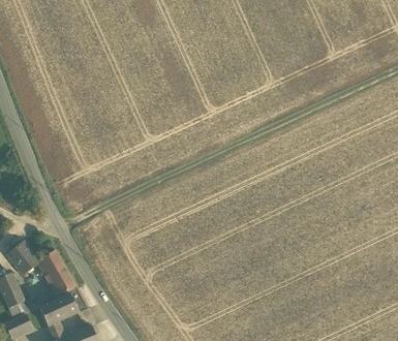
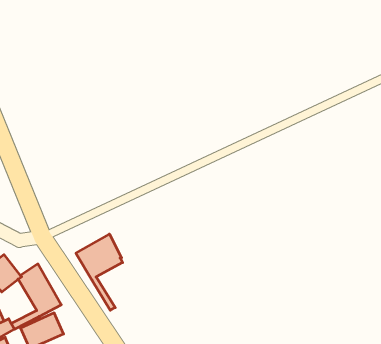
building: none -> [76,234,123,310]

